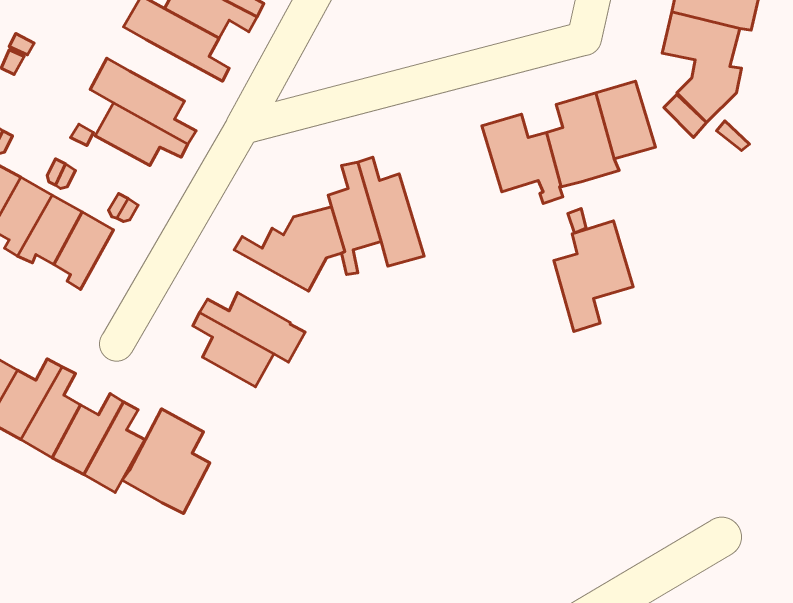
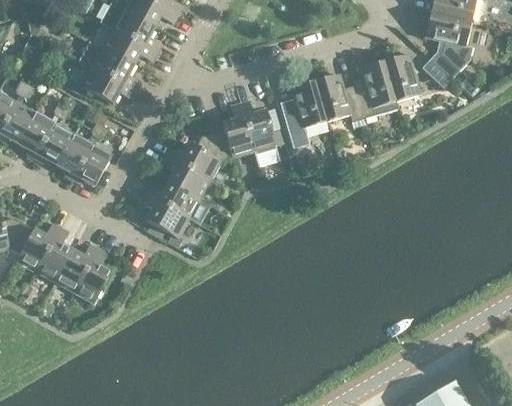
building: none -> [102,28,158,65]
building: [554,221,633,331] -> [279,80,327,147]
building: none -> [72,143,112,185]
building: none -> [160,155,210,199]
building: [122,409,210,513] -> none

